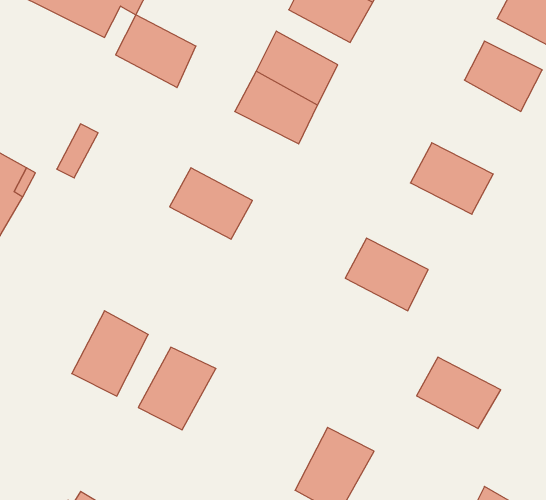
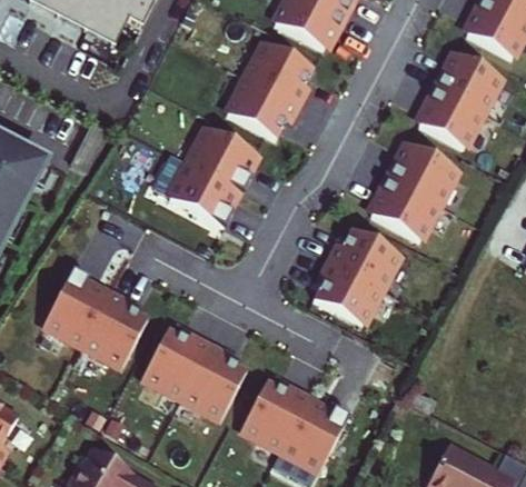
building: [116,15,196,88] -> [189,127,260,191]
building: none -> [414,85,482,146]
building: none -> [366,176,438,239]
building: none -> [44,269,112,345]
building: [417,357,501,429] -> [307,260,381,324]
building: none -> [181,340,250,416]
building: none -> [242,374,310,448]

